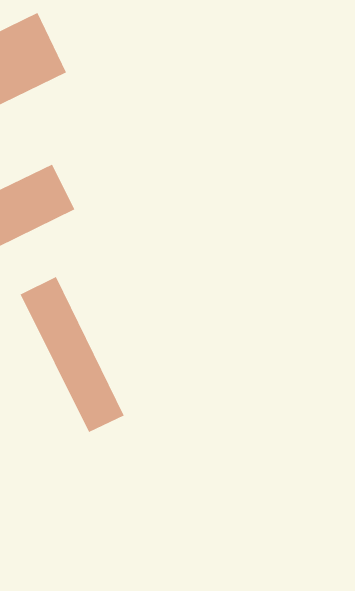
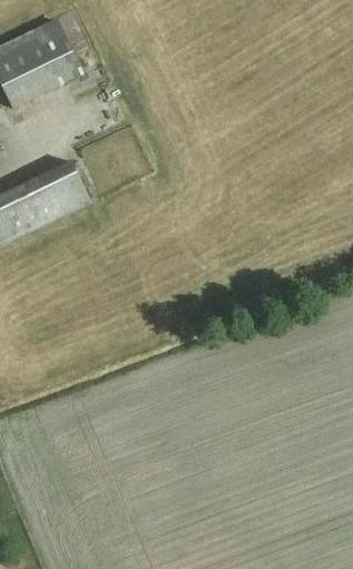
building: [20,276,124,433] -> none

